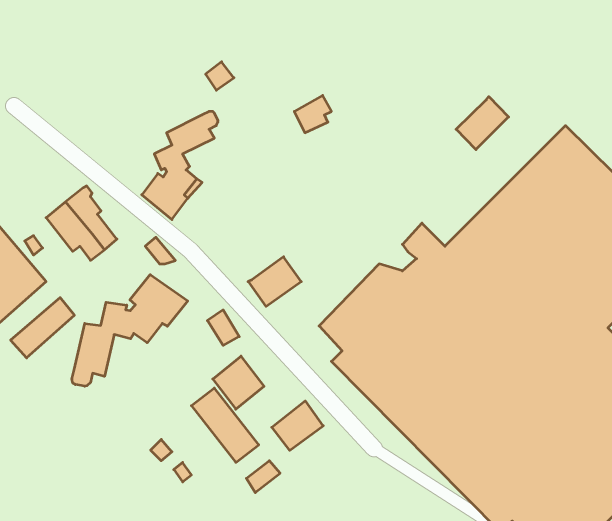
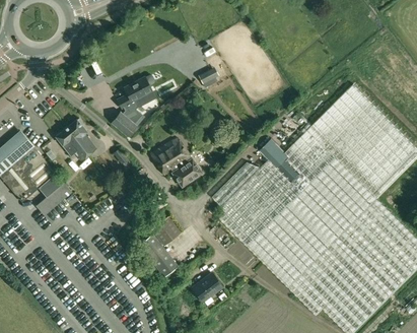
building: [456,97,509,150] -> none
building: none -> [150,136,192,175]
building: [72,275,188,386] -> none
building: [272,401,323,450] -> [193,272,222,301]

